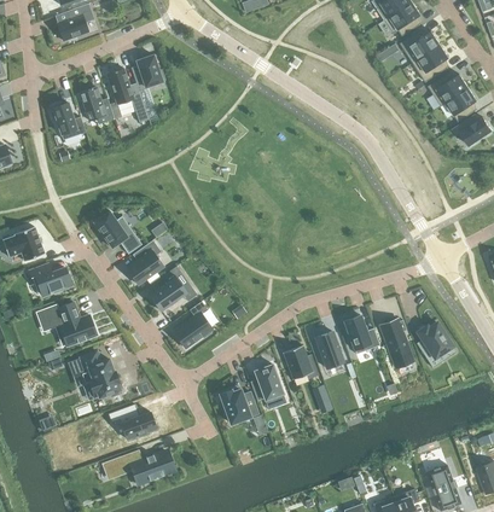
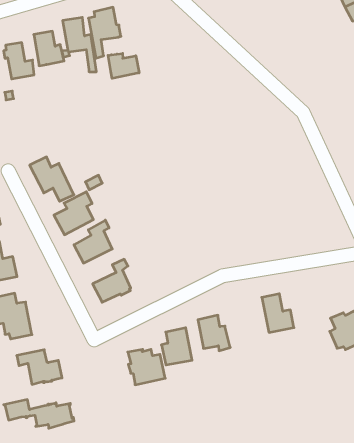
building: none -> [108,53,139,78]
building: [378,319,413,370] -> none
building: [314,328,344,370] -> none

